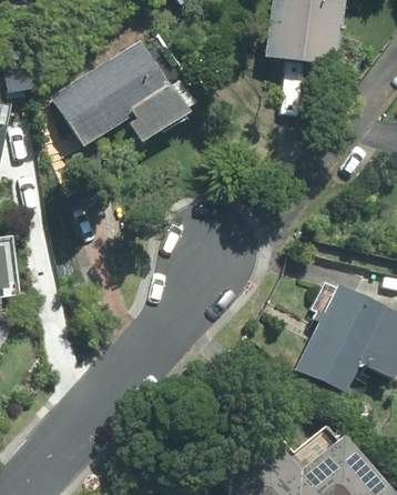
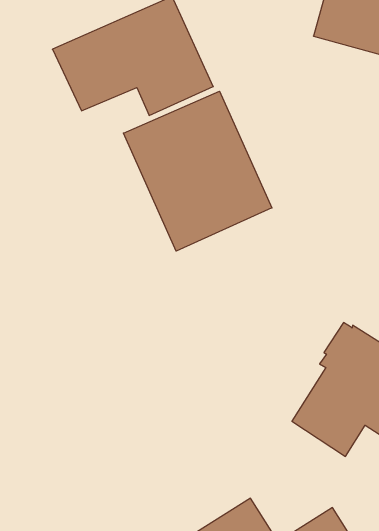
building: none -> [123,91,272,251]

